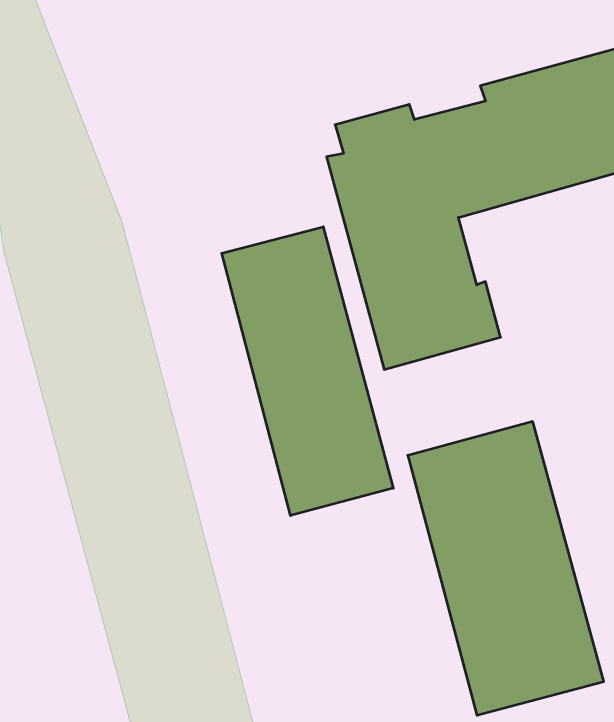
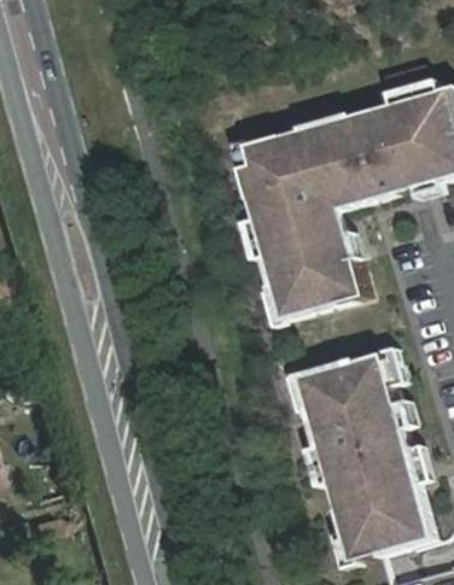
building: [222,227,393,516] -> none

